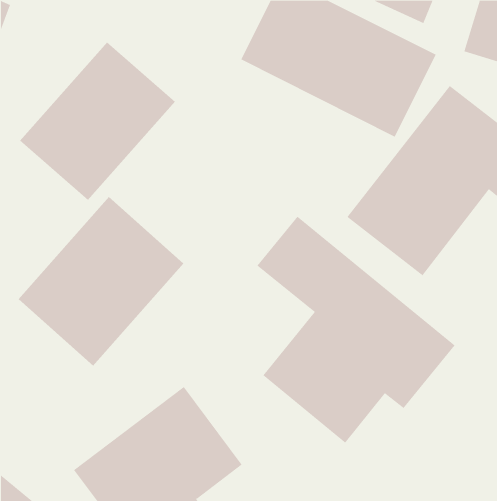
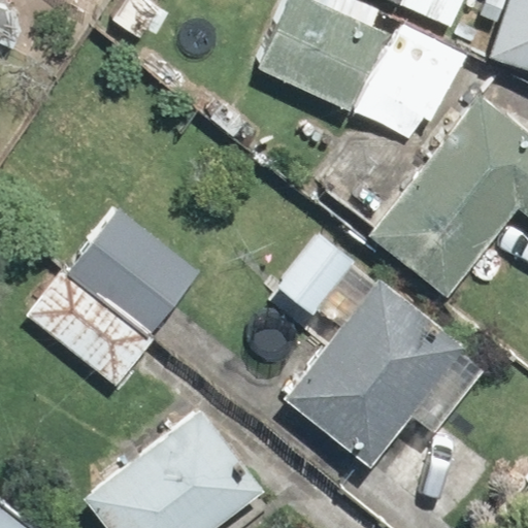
building: [19,41,176,201] -> none

